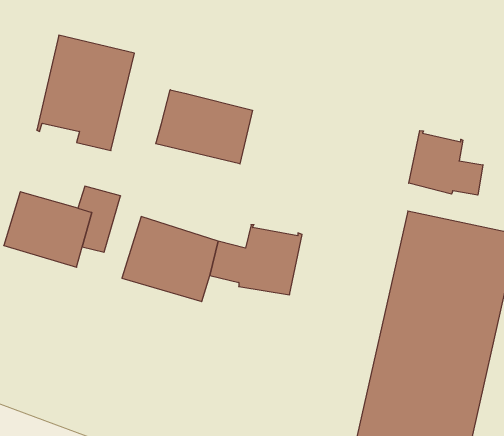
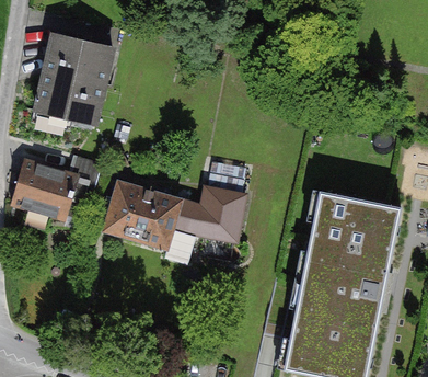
building: [156,90,252,164] -> none
building: [409,131,483,195] -> none

